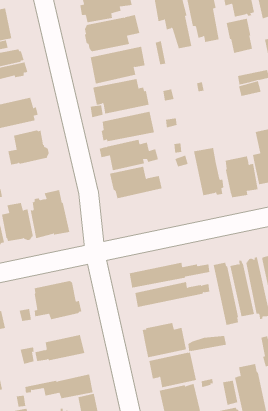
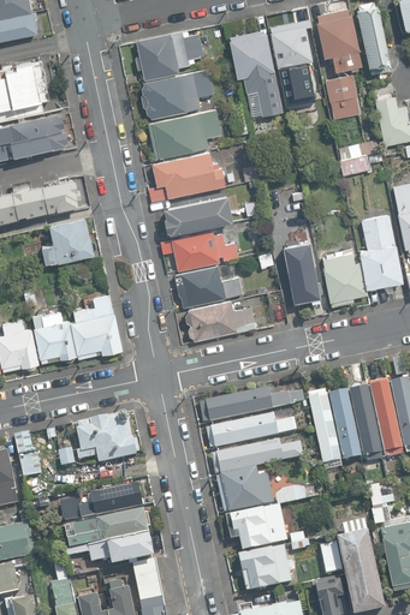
building: none -> [186,299,256,340]
building: none -> [212,440,302,474]
building: none -> [67,509,148,549]

